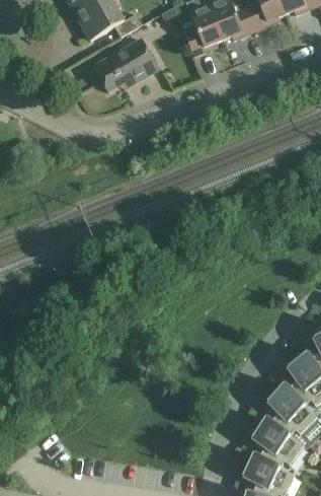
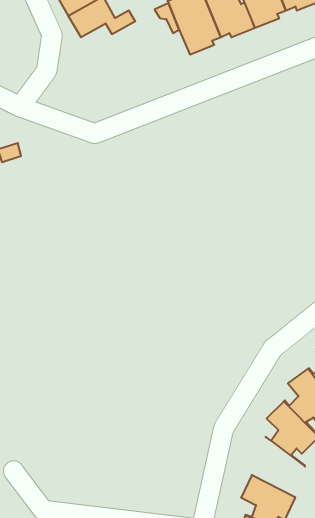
building: [93,37,158,89] -> none
building: [251,417,303,475] -> none

